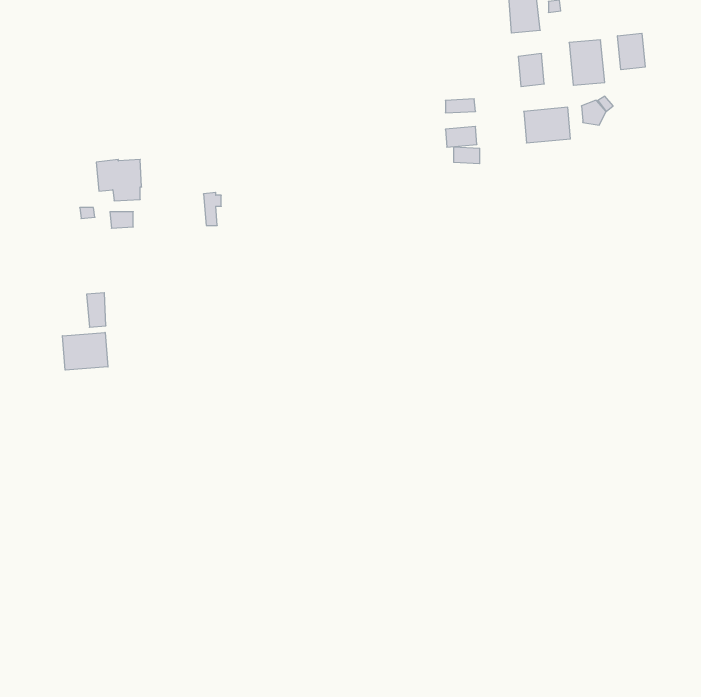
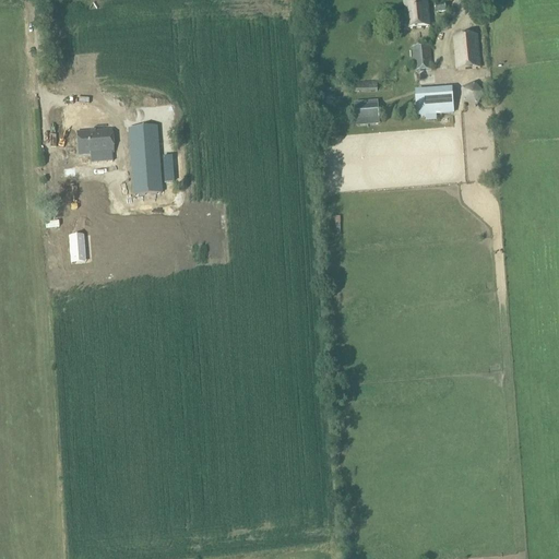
building: [618,33,645,70] -> none
building: none -> [130,123,162,192]
building: [62,332,108,370] -> none

